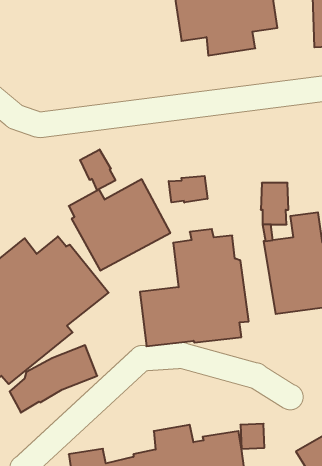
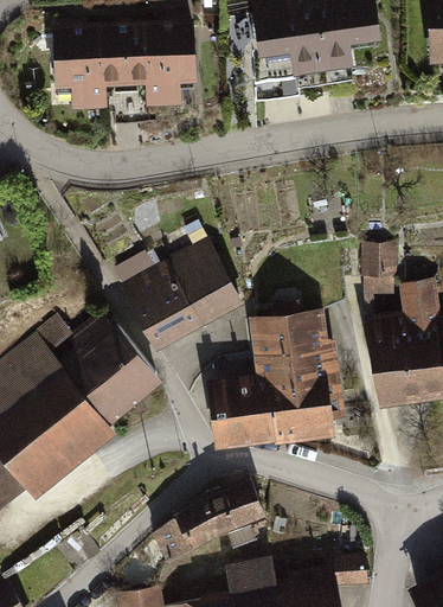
building: none -> [52,20,197,111]
building: [80,149,115,190] -> none
building: [169,176,207,203] -> none
building: [10,345,97,413] -> [150,469,263,556]

